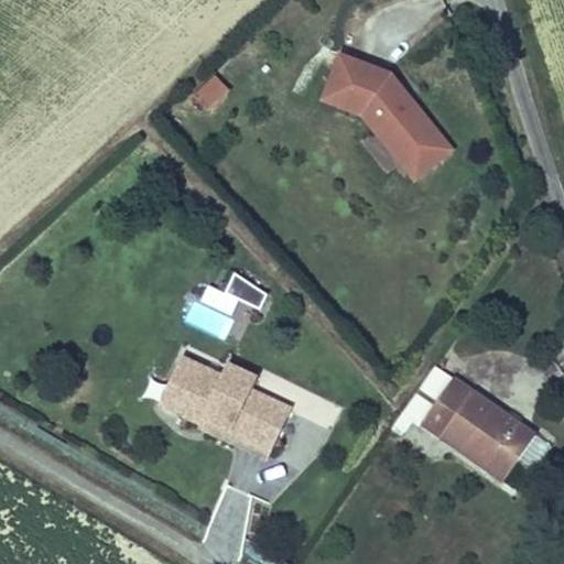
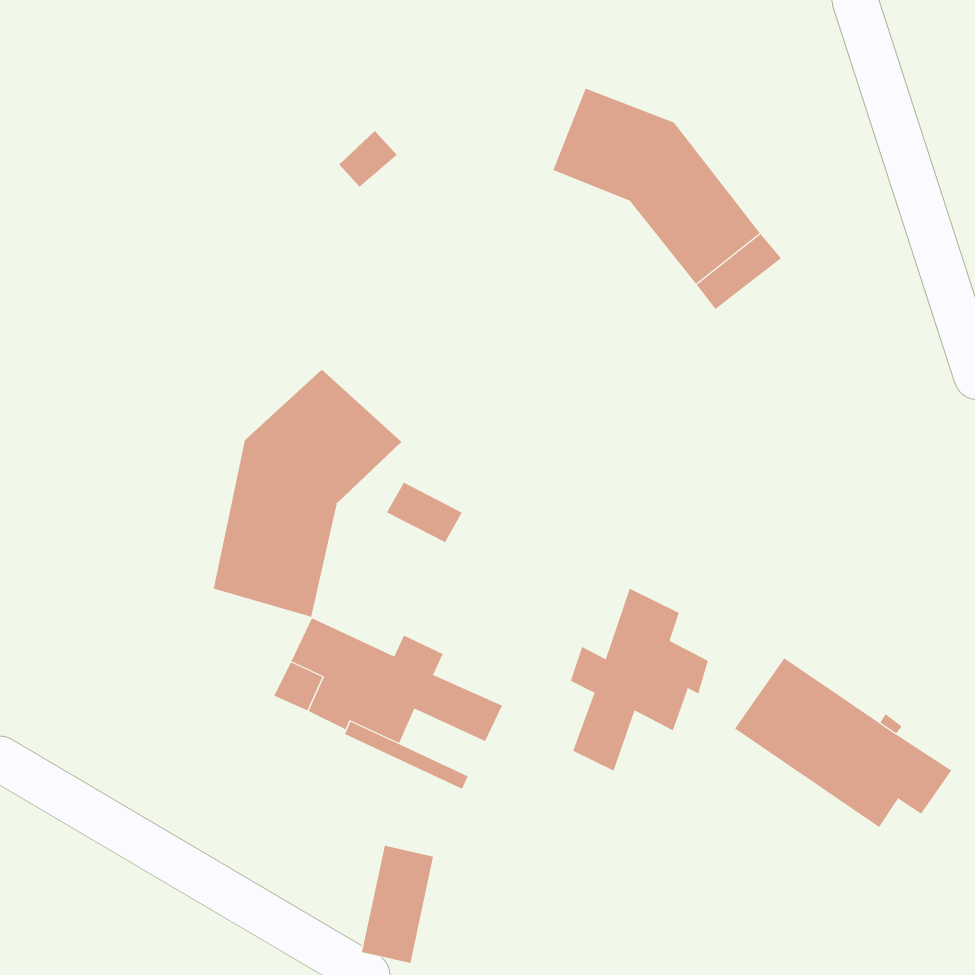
building: none -> [213,369,402,618]
building: none -> [570,588,709,772]
building: [231,409,281,447] -> none

